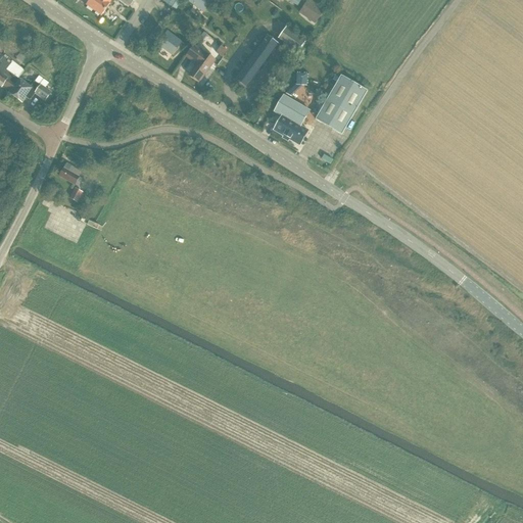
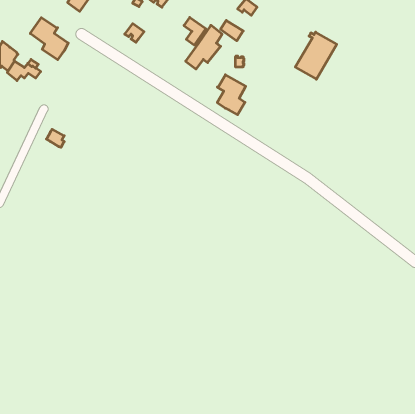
building: none -> [30,18,68,60]
building: [184,45,211,80] -> [184,17,206,45]
building: [315,74,367,133] -> [295,32,337,79]

